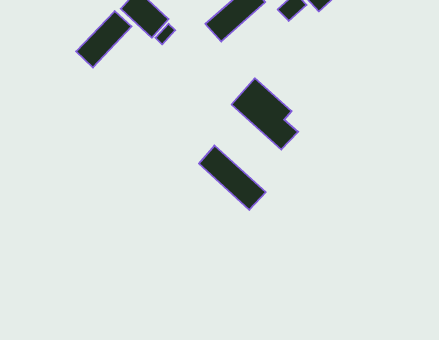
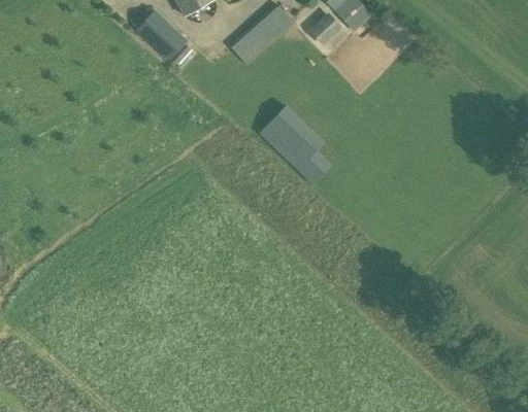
building: [76,11,132,68] -> none
building: [199,145,266,210] -> none

